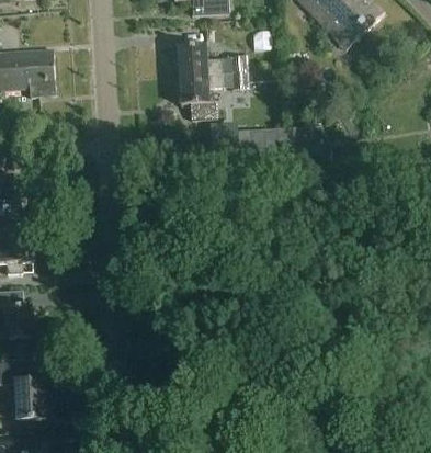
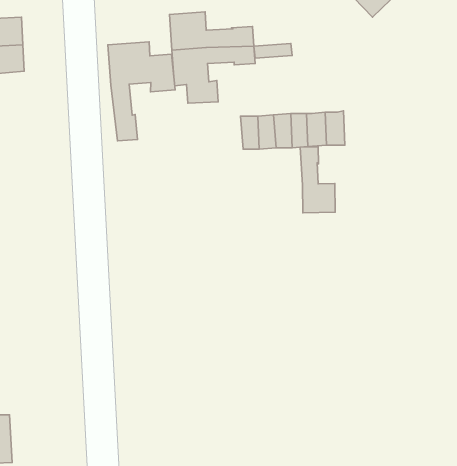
building: none -> [108,42,175,141]
building: none -> [300,147,335,213]

